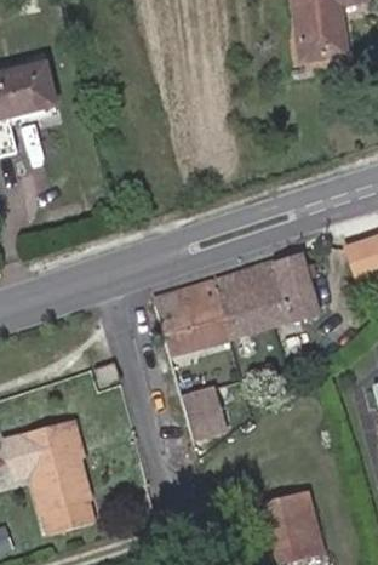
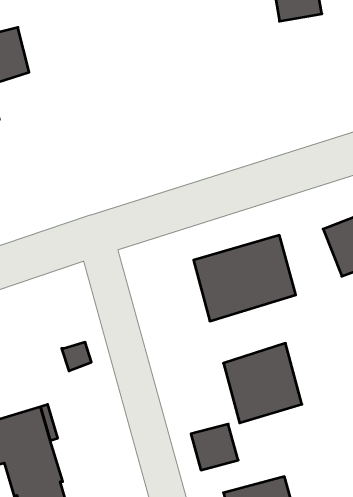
building: [156,286,233,364] -> [223,343,302,423]
building: [182,390,228,435] -> [191,424,238,470]

